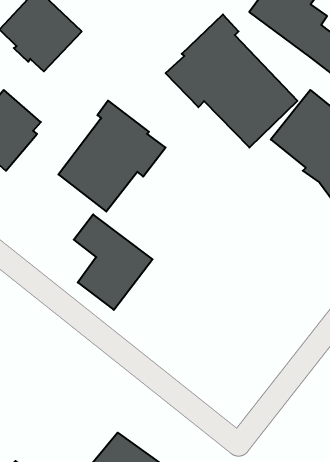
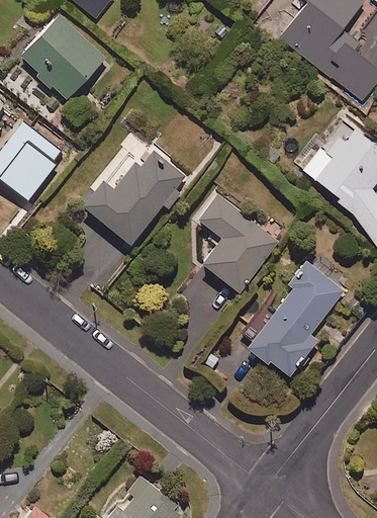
building: [166,14,297,148] -> none
building: [74,214,153,310] -> [197,193,279,292]
building: none -> [246,260,345,377]

